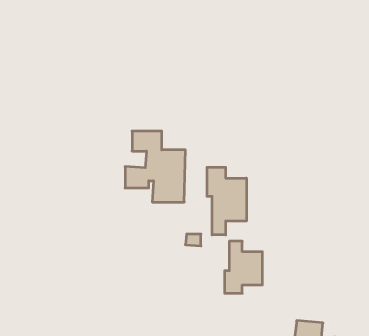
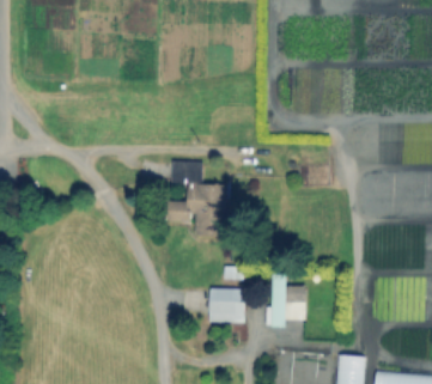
building: [207,167,246,235] -> none
building: none -> [212,291,243,318]

